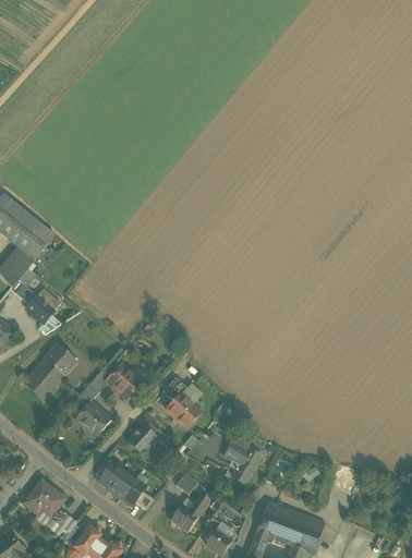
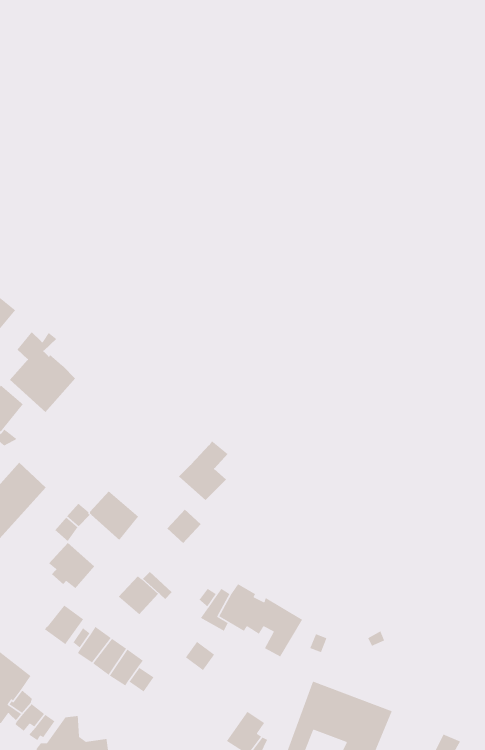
building: none -> [9,331,76,413]
building: [165,384,201,427] -> [178,440,228,501]
building: none -> [44,604,84,645]
building: [169,494,208,531] -> none

